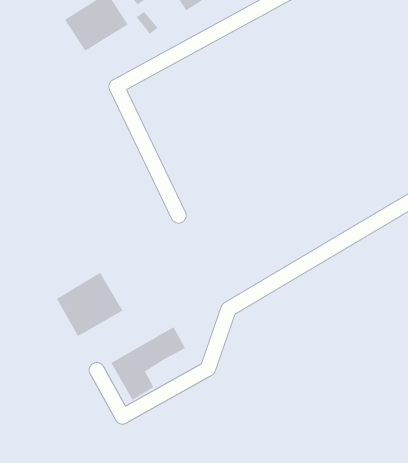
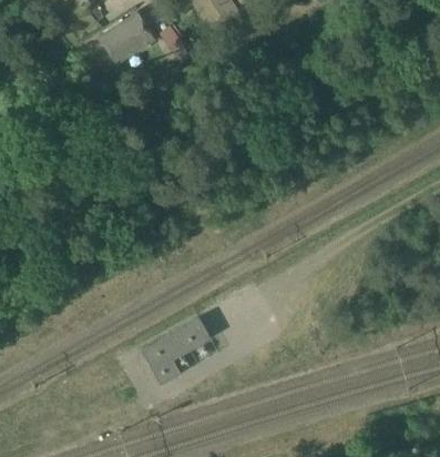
building: [56,272,123,337] -> none

